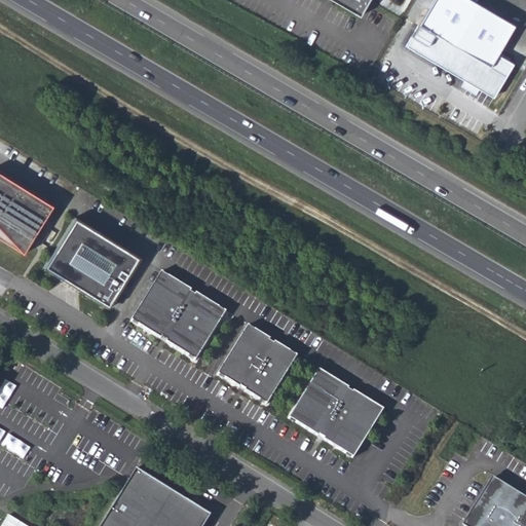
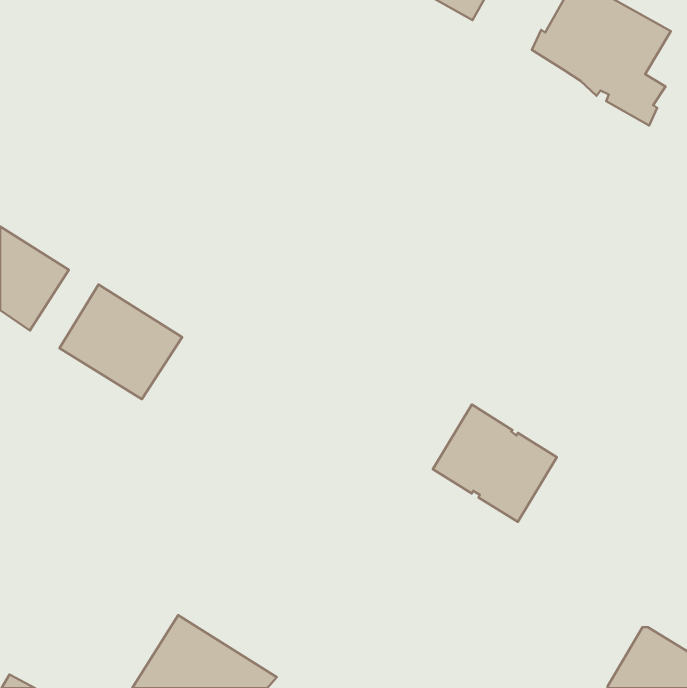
building: [133,270,227,359] -> none
building: [219,324,298,404] -> none
building: [290,368,384,457] -> [433,404,557,522]

